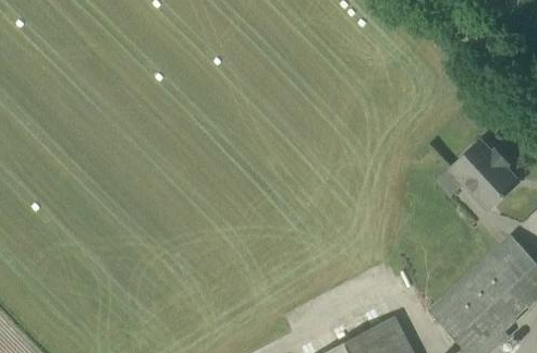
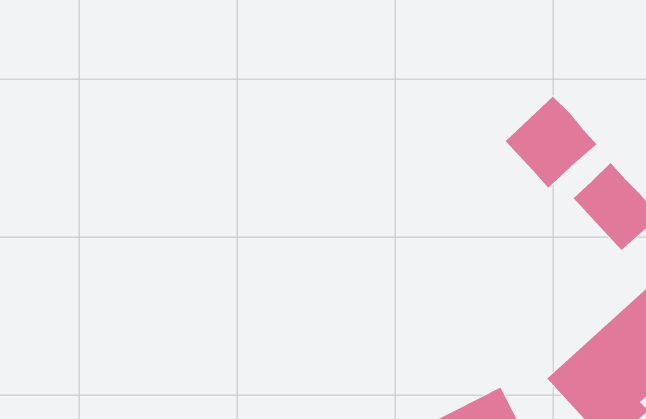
building: none -> [505,96,598,188]

